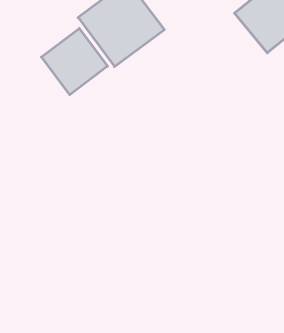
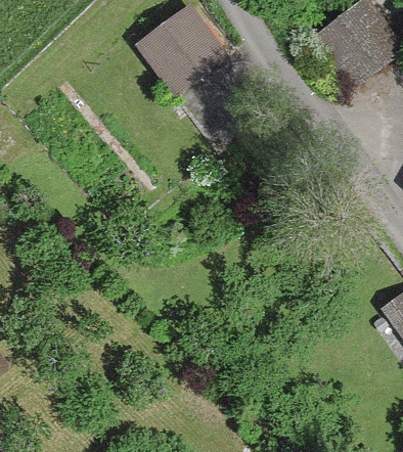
building: [41,28,108,95] -> none

